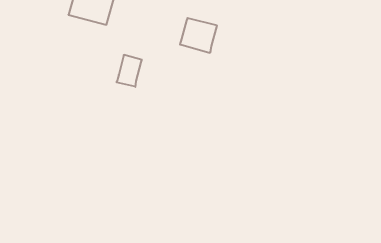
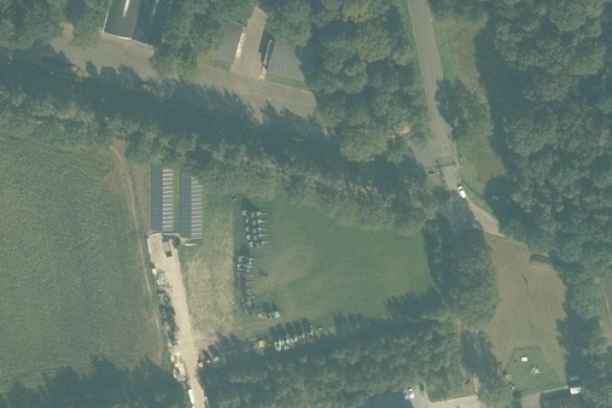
building: [116,55,142,87] -> [205,19,243,66]

